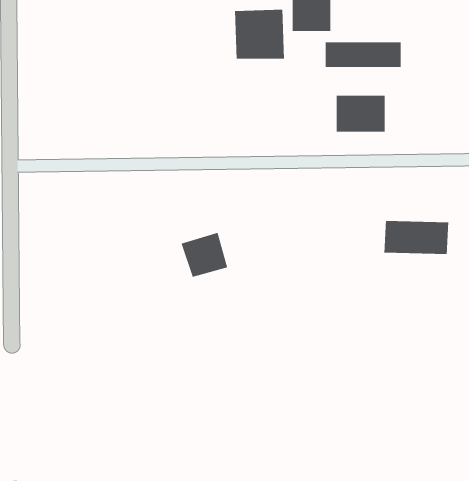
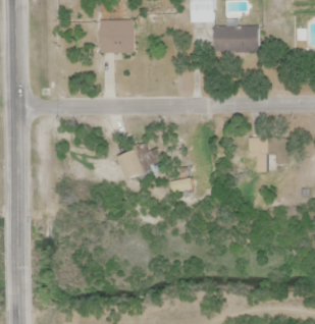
building: [234,9,285,60] -> [102,20,134,52]
building: [336,95,385,133] -> none

